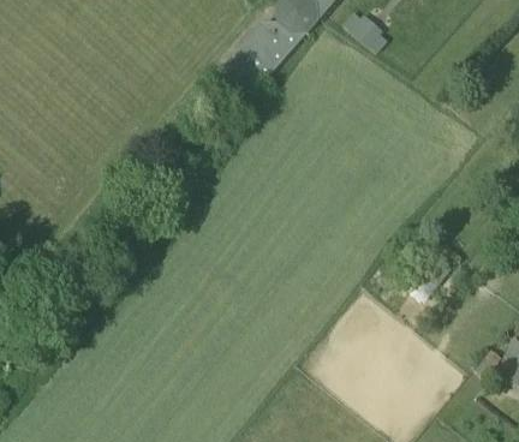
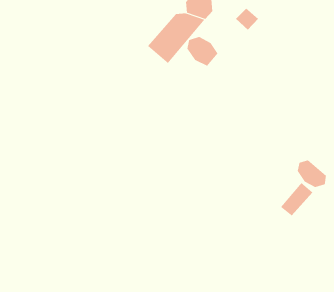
building: none -> [187,36,218,66]
building: none -> [297,160,327,188]

